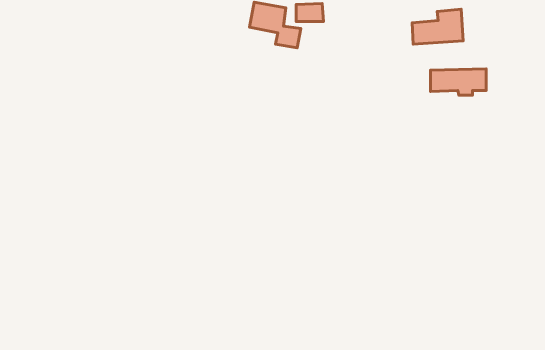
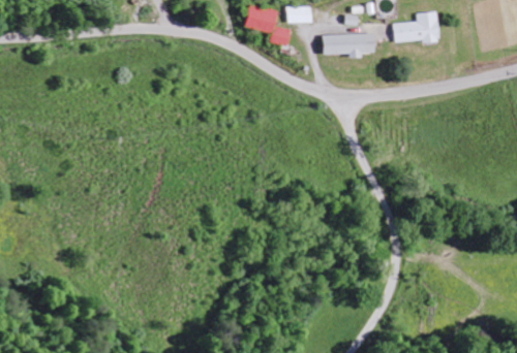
building: [430,69,486,95] -> [324,33,374,57]

